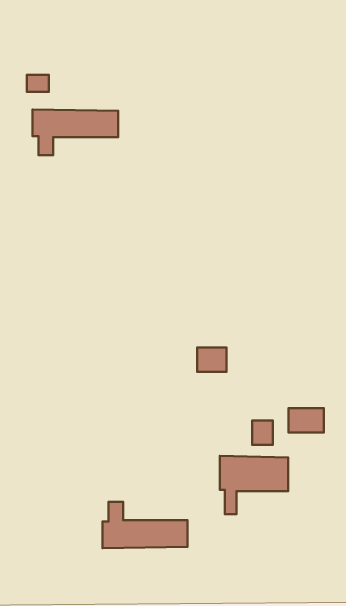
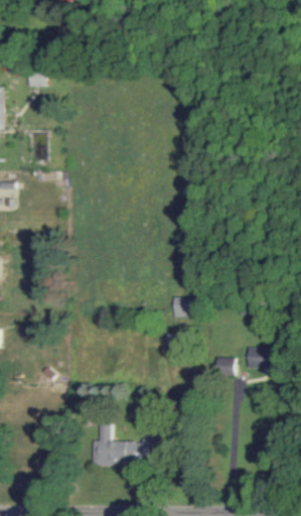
building: [32,109,118,155] -> none
building: [220,456,288,514] -> none

